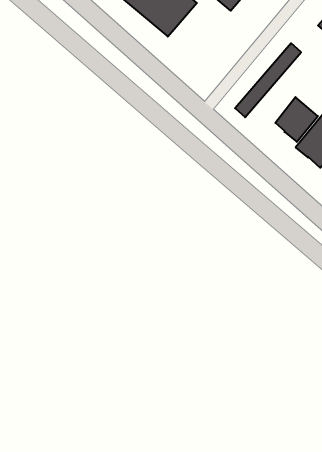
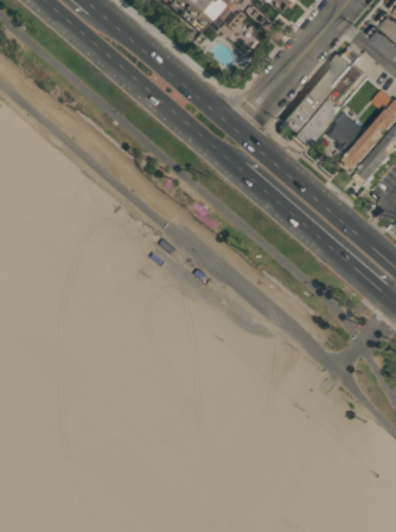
building: none -> [290,62,363,146]

